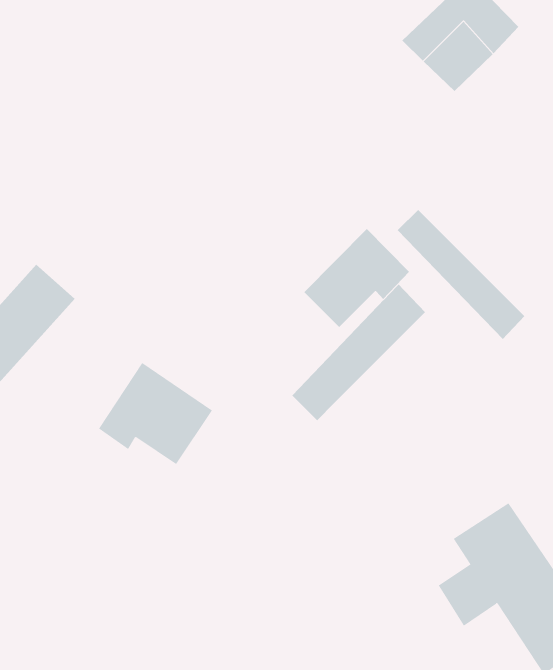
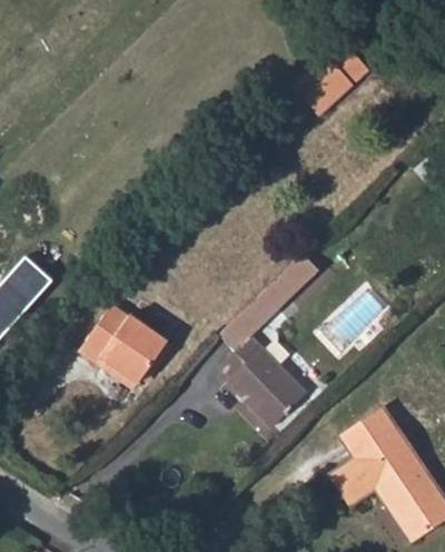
building: [397,209,525,340] -> none
building: [304,228,410,328] -> none
building: none -> [224,339,308,430]

